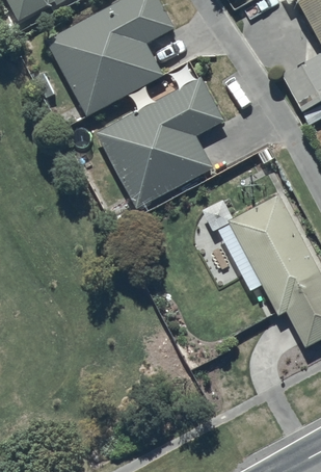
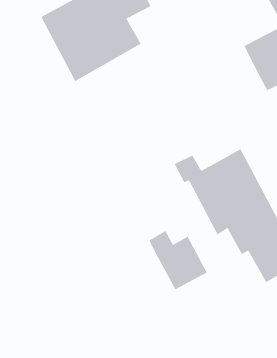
building: [97,76,223,208] -> none
building: none -> [149,230,208,290]

